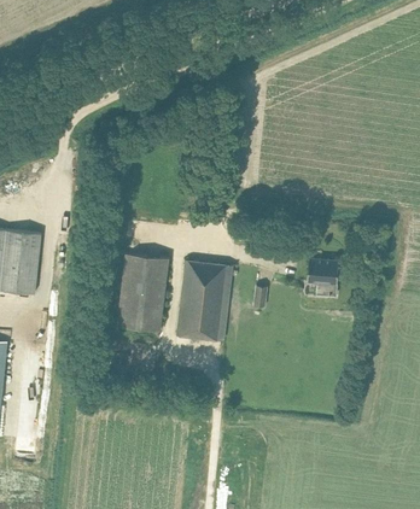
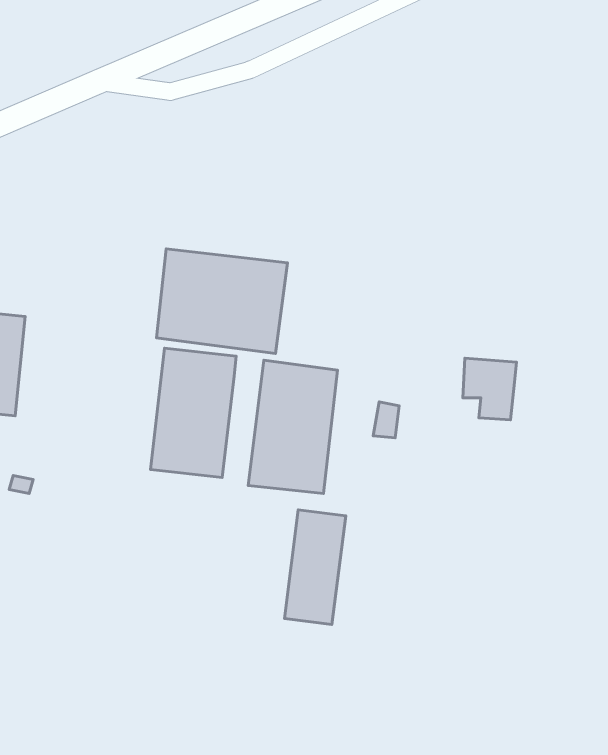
building: none -> [157,249,287,354]
building: none -> [284,510,346,624]

